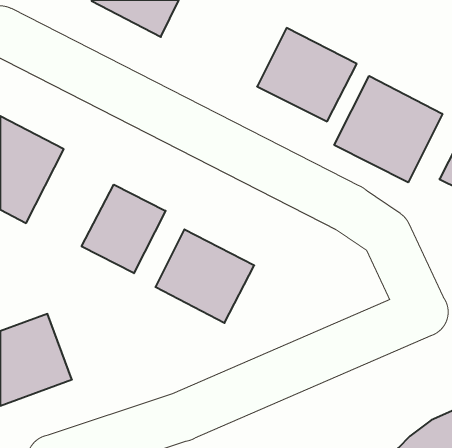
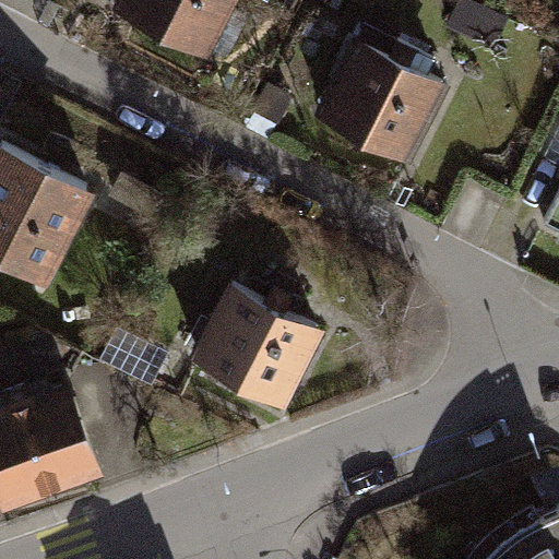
building: [334,76,442,182] -> none
building: [82,185,166,273] -> none

